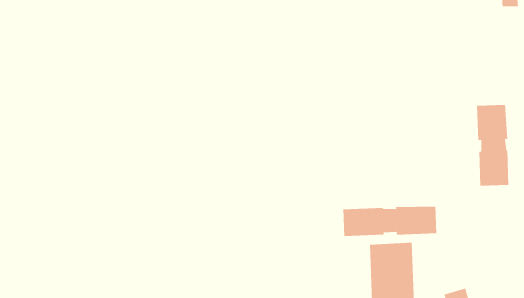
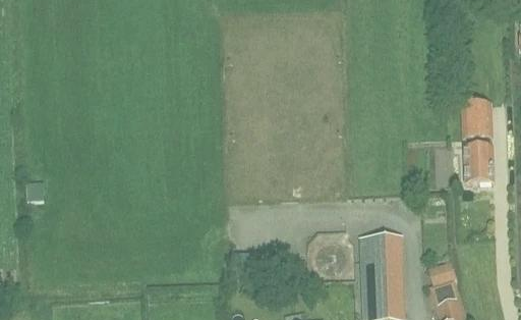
building: [343,206,437,237] -> none

